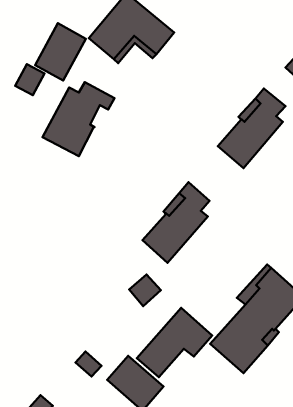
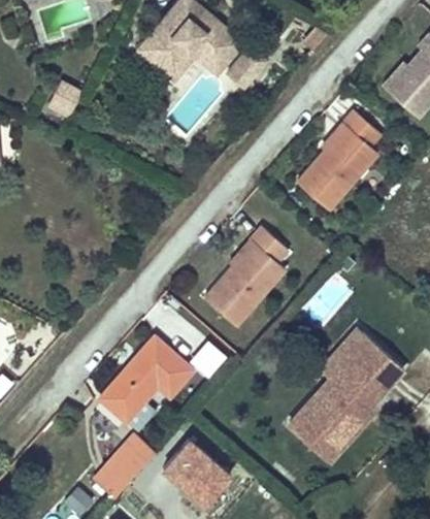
building: [35,23,86,81] -> none
building: [43,82,115,156] -> none
building: [137,308,212,377] -> [99,336,192,422]
building: none -> [95,448,141,495]

